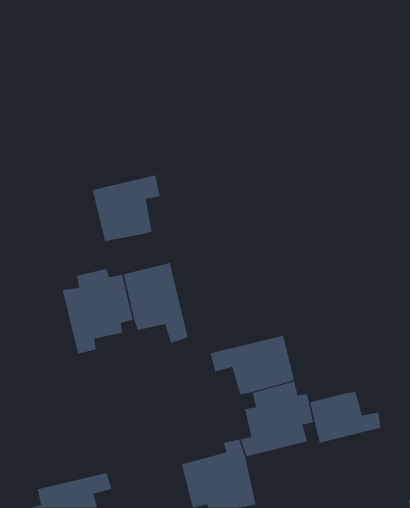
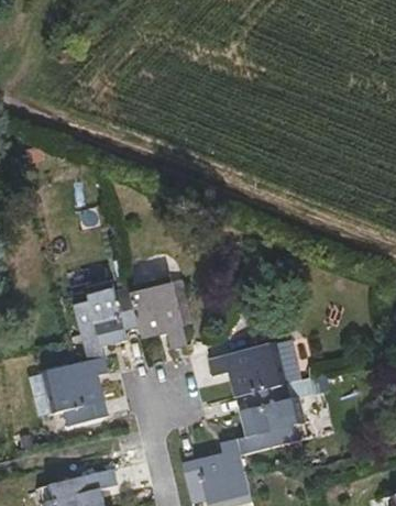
building: [92,175,161,242] -> none
building: none -> [28,356,108,429]
building: [310,391,381,444] -> none

